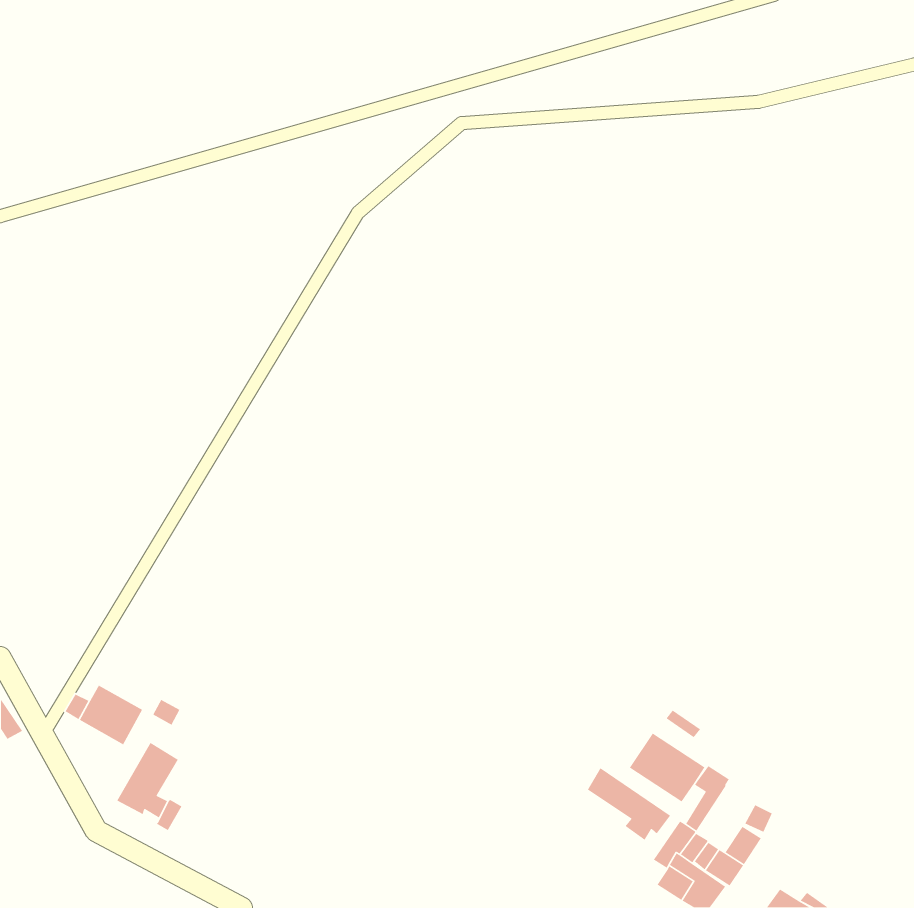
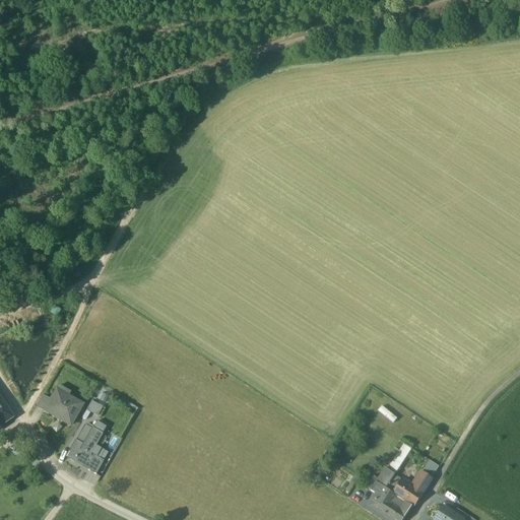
building: [629,732,706,803] -> none
building: [587,767,671,841] -> none

